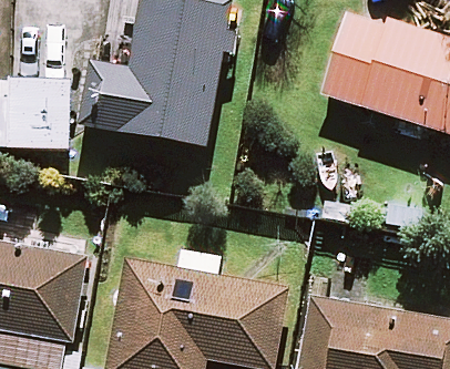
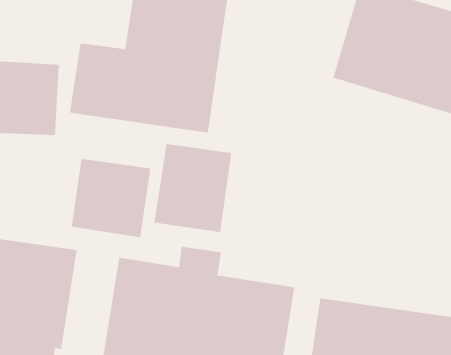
building: none -> [154,143,232,233]
building: none -> [71,158,151,238]

